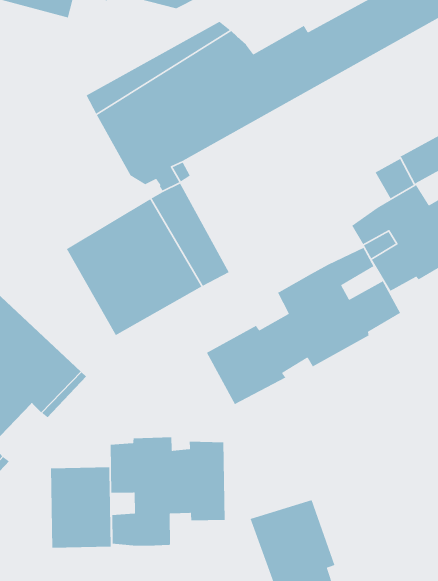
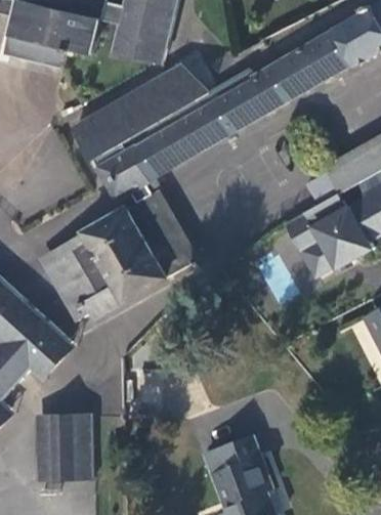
building: [206,247,401,405] -> none
building: none -> [45,244,99,317]
building: [110,436,225,547] -> none

